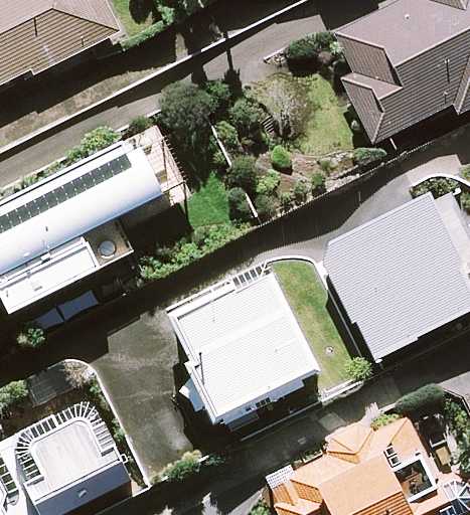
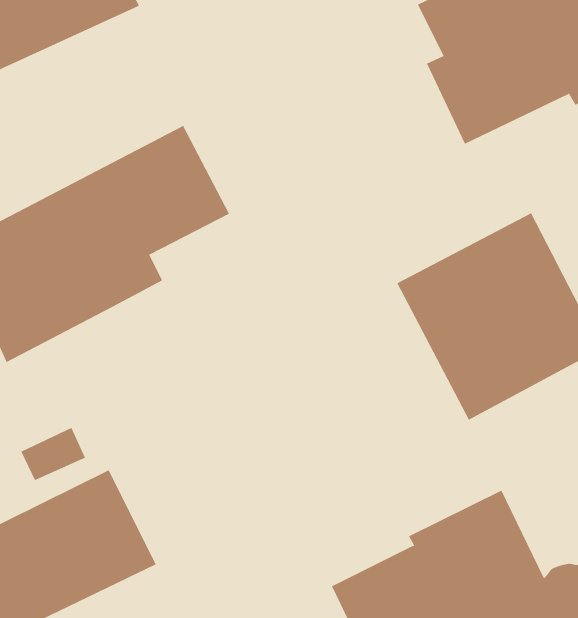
building: [173,281,317,427] -> none

